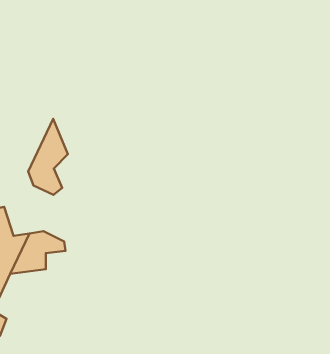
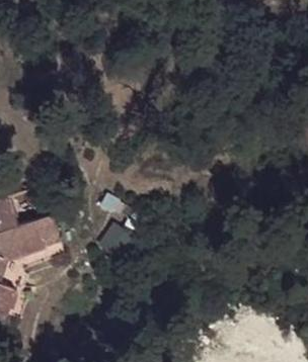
building: [28,119,68,195] -> none

